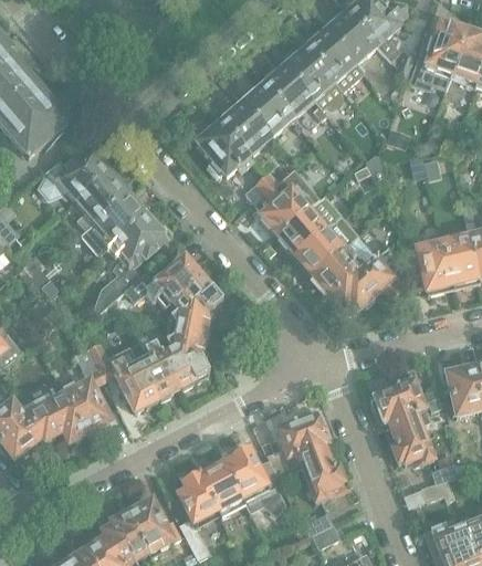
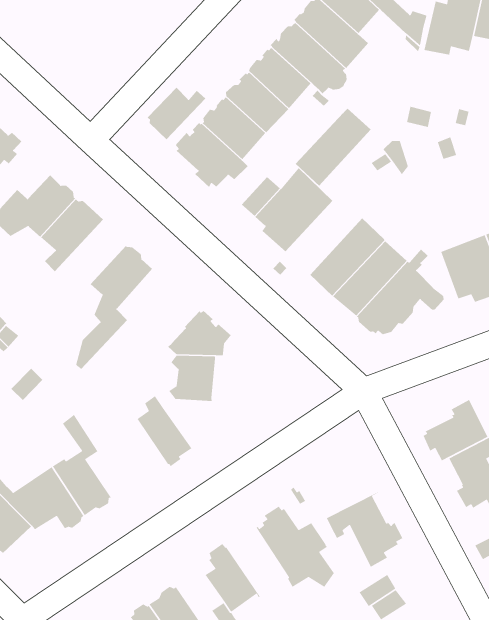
building: none -> [147,87,206,140]
building: [81,190,145,253] -> none
building: [275,193,342,255] -> [295,108,372,187]
building: [125,255,199,305] -> none
building: [86,340,158,411] -> none
building: [160,345,209,389] -> none
building: [269,407,329,478] -> none
building: [199,454,247,515] -> none

